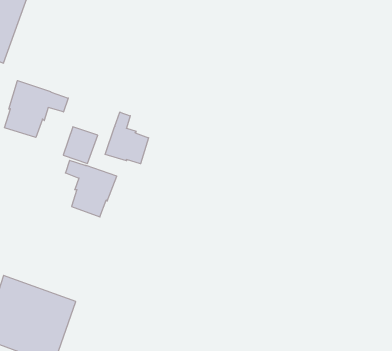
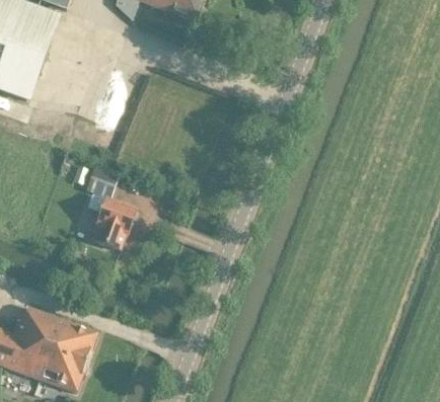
building: [5,81,68,137] -> none
building: [105,112,149,164] -> none

